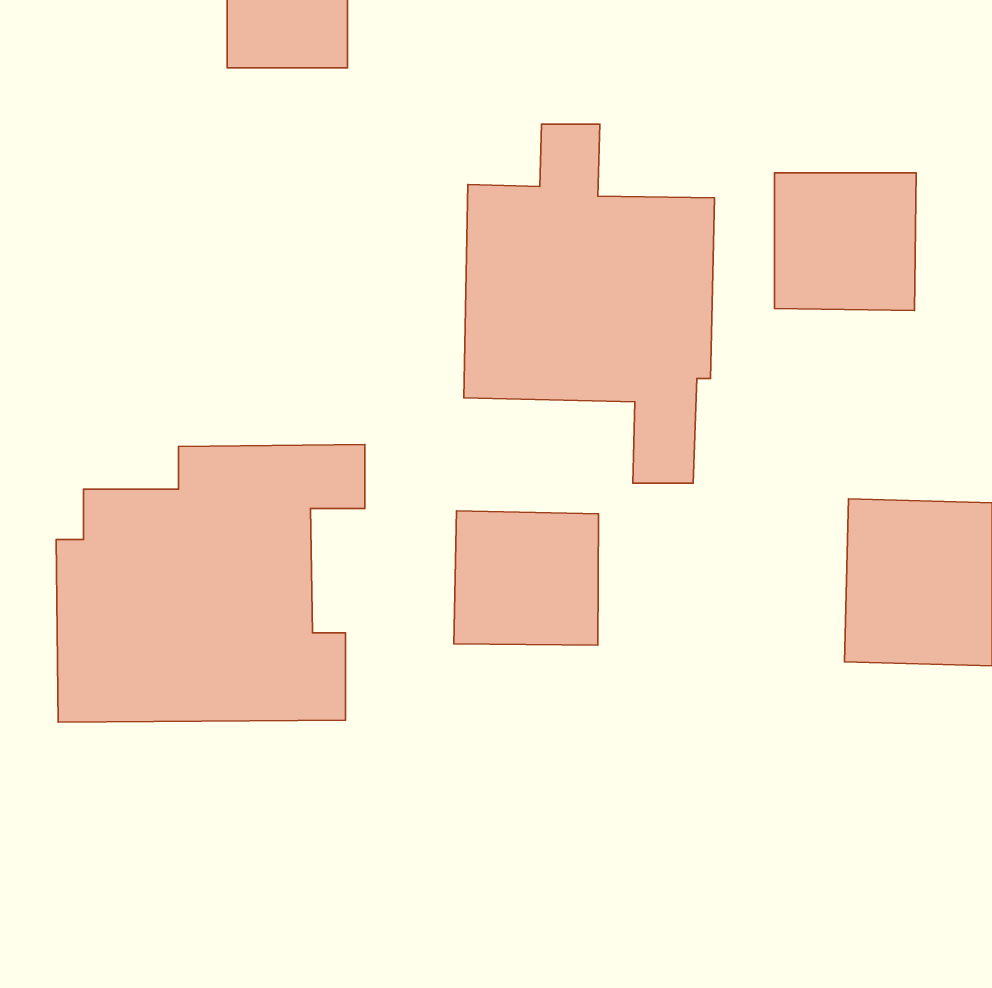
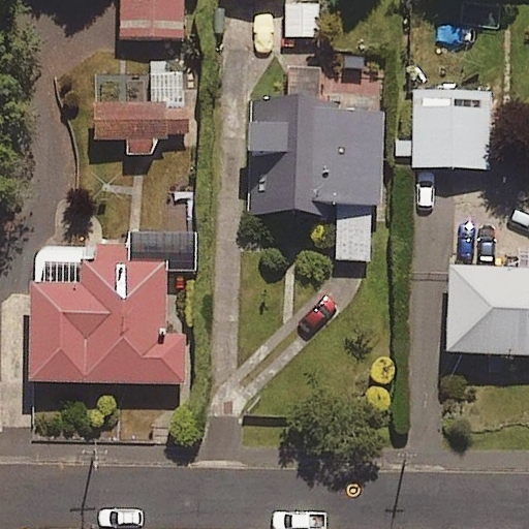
building: none -> [89,99,189,152]
building: [454,511,599,645] -> none

